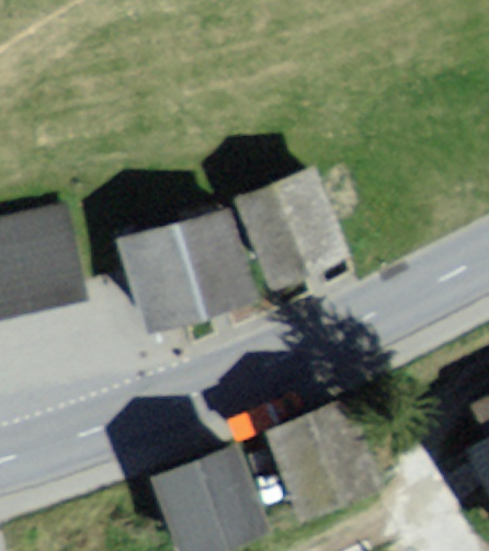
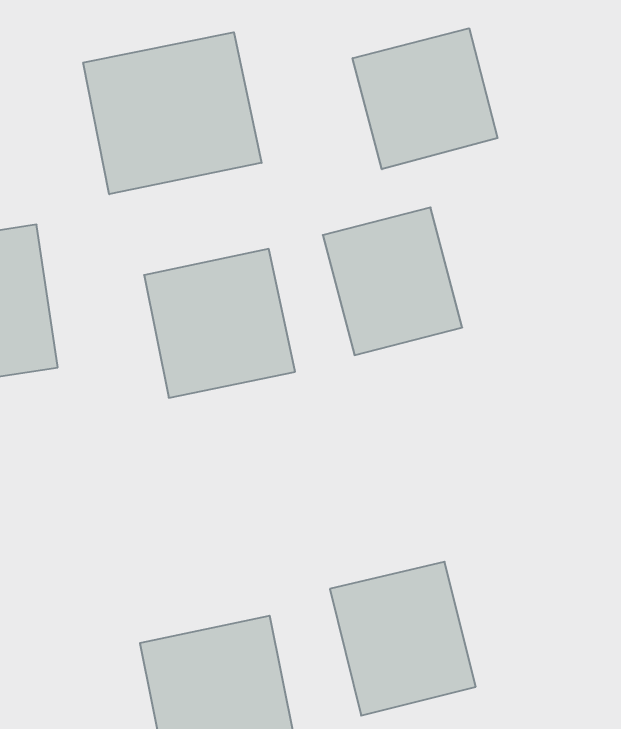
building: none -> [353,28,498,169]
building: none -> [83,32,262,194]

